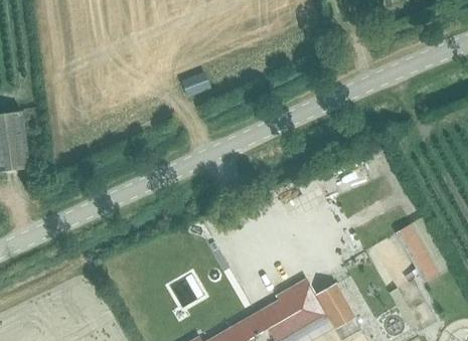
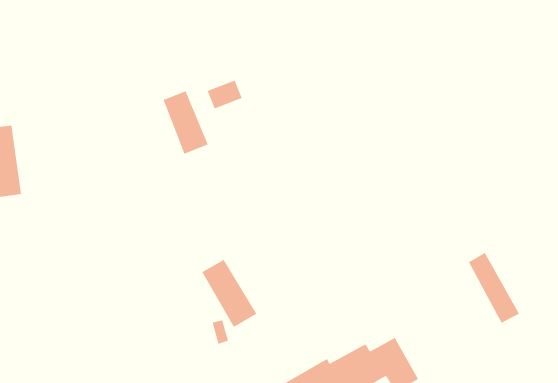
building: none -> [163,91,208,155]
building: none -> [202,259,257,328]

